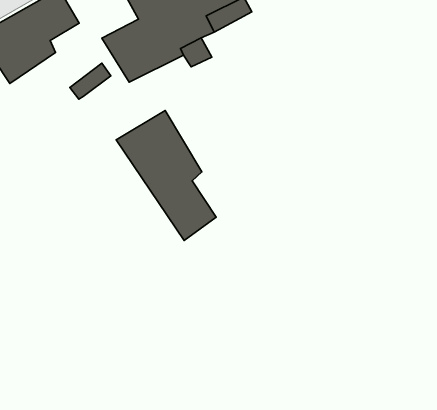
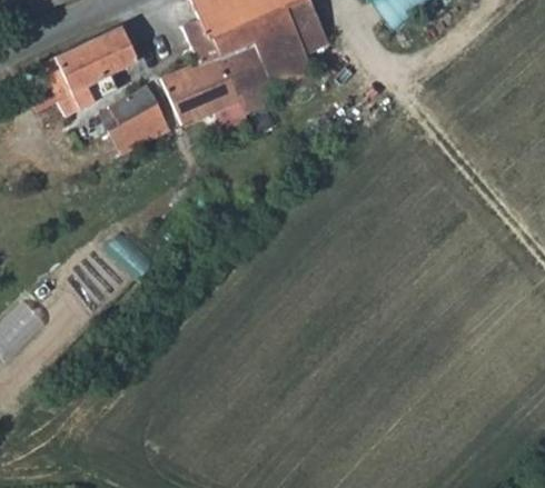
building: none -> [98,84,160,131]
building: [116,110,216,240] -> none

